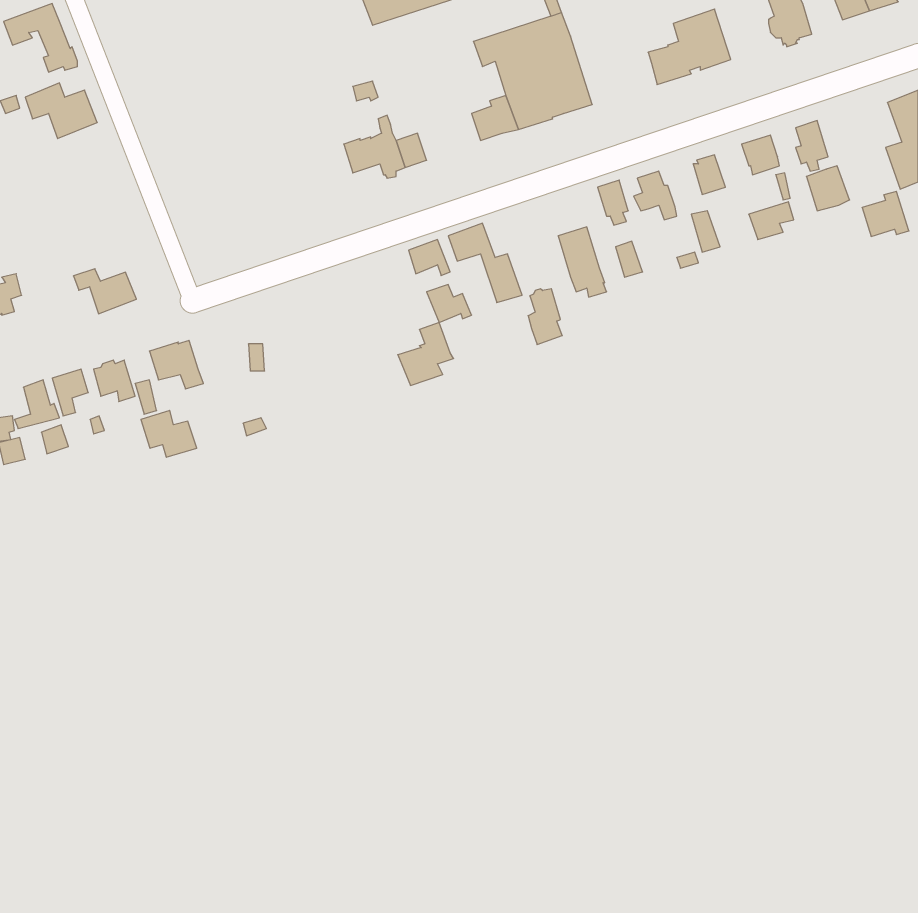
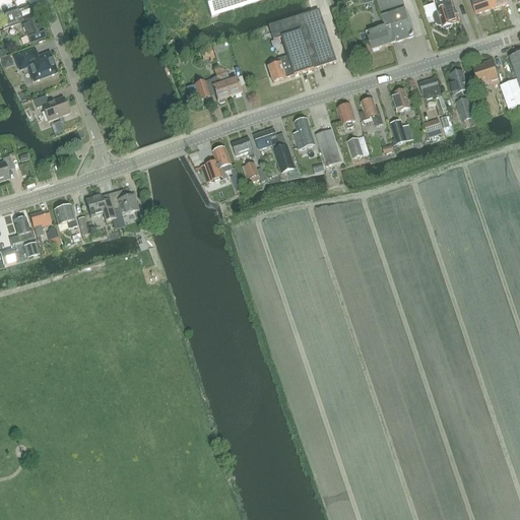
building: [862,191,909,236] -> [472,58,499,83]
building: [73,269,136,314] -> [32,93,68,119]
building: [528,289,562,345] -> [292,117,312,148]
building: [398,322,454,385] -> [200,145,232,181]
building: [141,410,197,457] -> [107,187,138,213]

